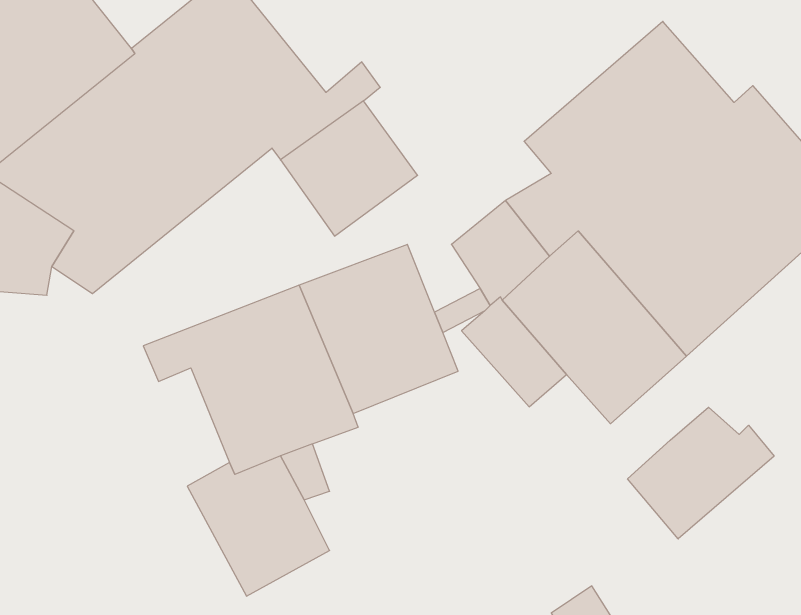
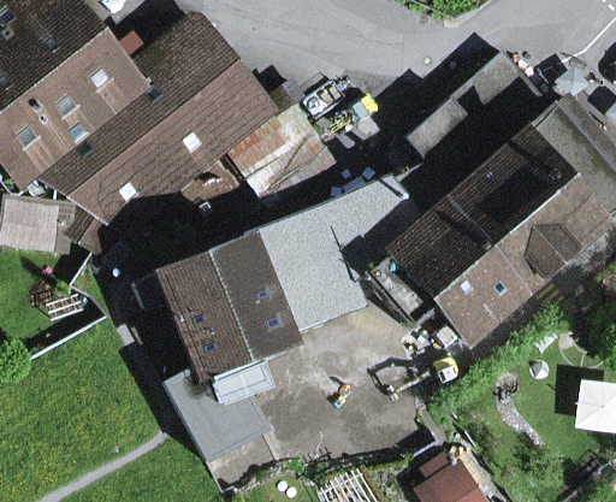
building: [628,407,774,539] -> none

